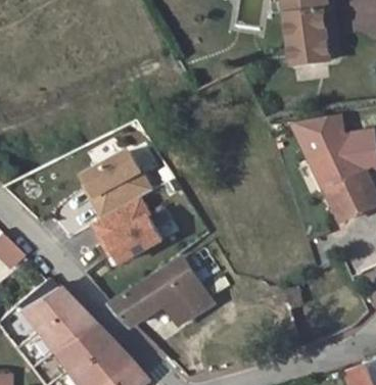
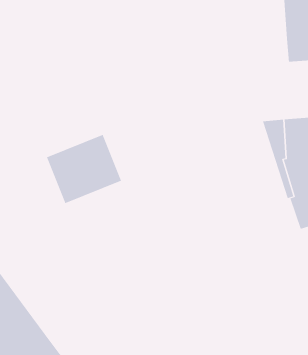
building: [104,198,174,267] -> none
building: [123,258,221,325] -> none

